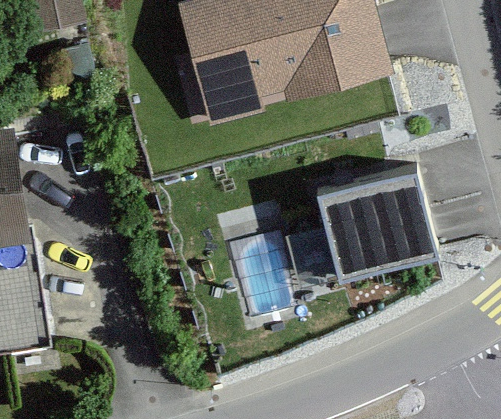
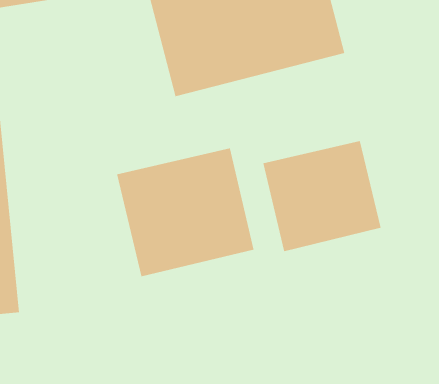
building: none -> [117,148,254,277]

